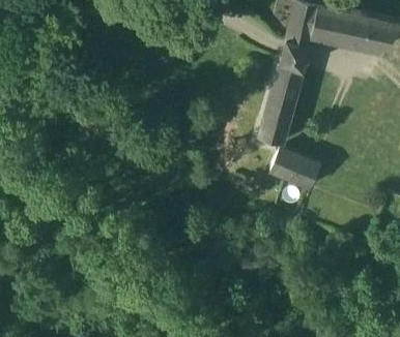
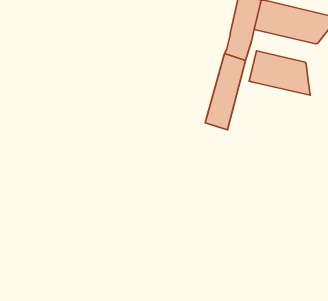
building: none -> [249,51,310,95]
building: [269,149,321,189] -> none

